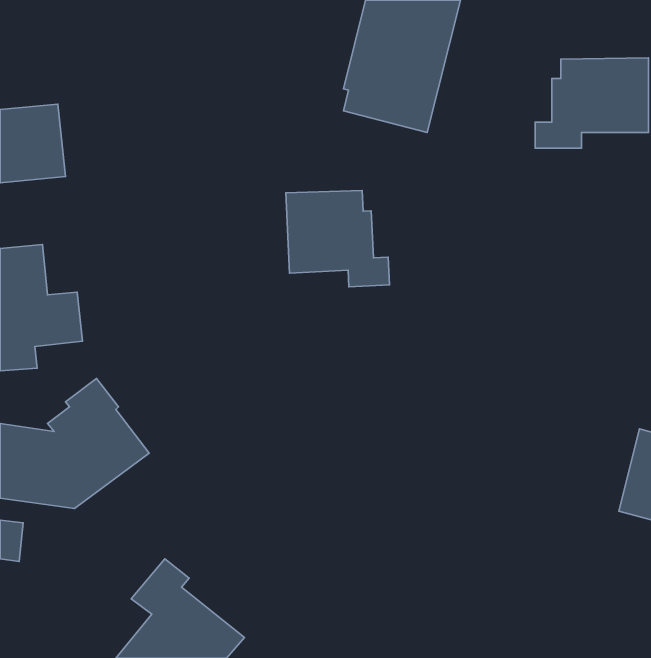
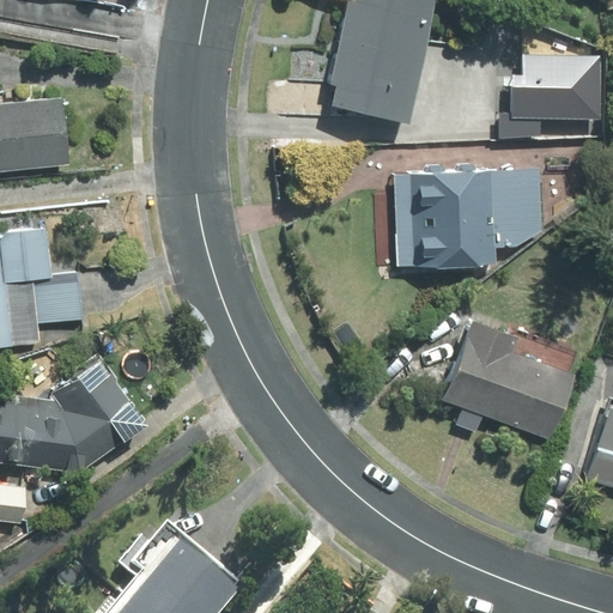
building: none -> [393,163,541,267]
building: [286,190,389,287] -> none
building: none -> [436,320,569,435]

